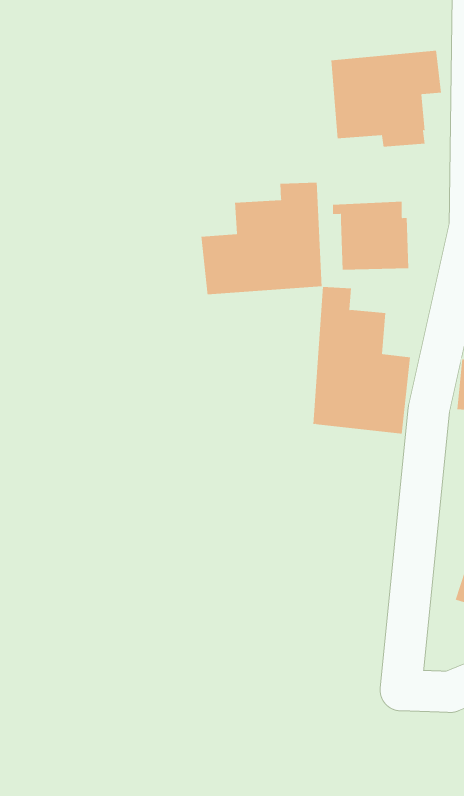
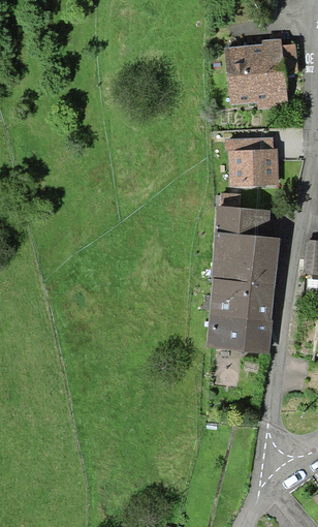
building: [201,182,322,295] -> none
building: none -> [211,281,273,351]

